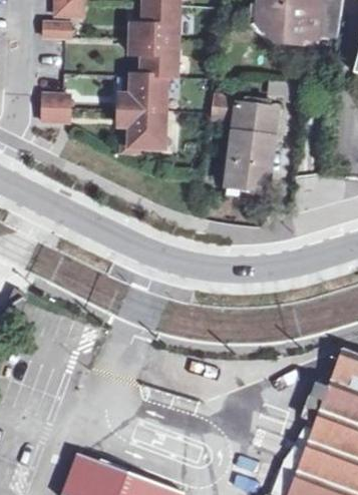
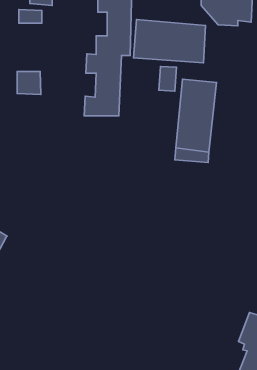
building: none -> [133,20,206,63]

